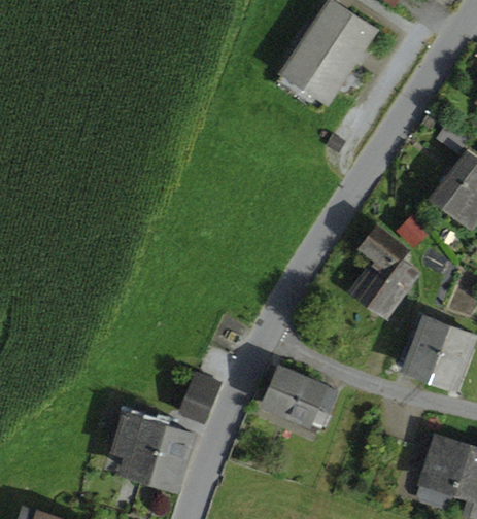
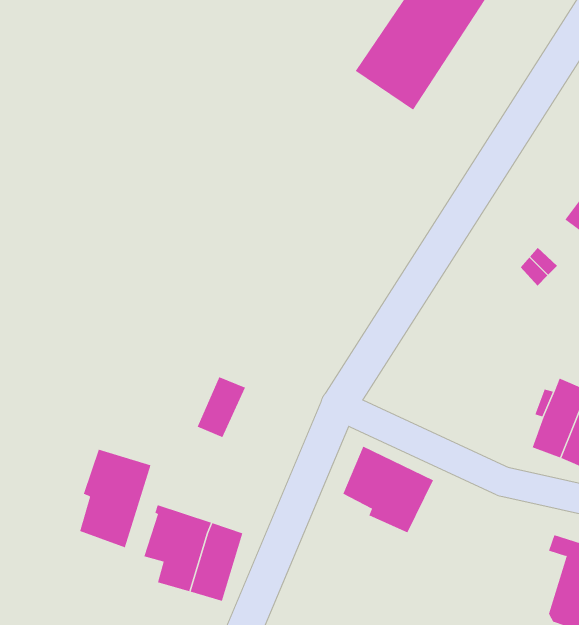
building: [352,230,417,315] -> none
building: none -> [80,449,151,548]
building: [182,376,219,422] -> [197,376,246,438]

